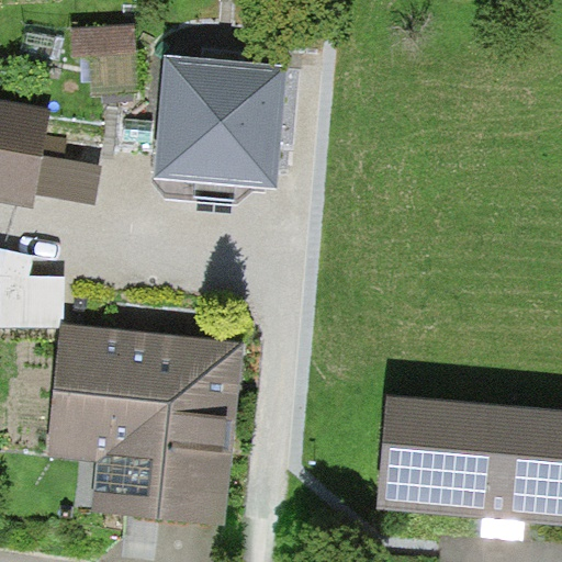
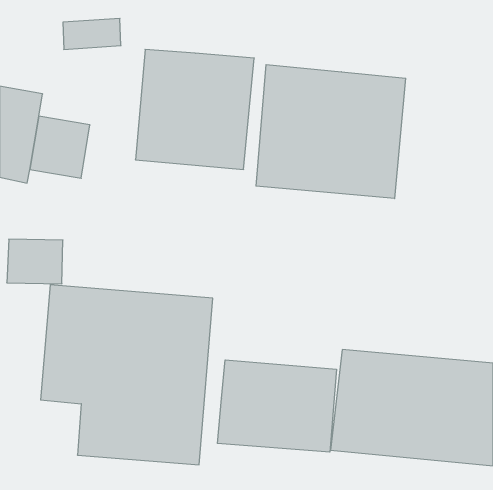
building: none -> [256,65,406,199]
building: none -> [217,360,336,452]

